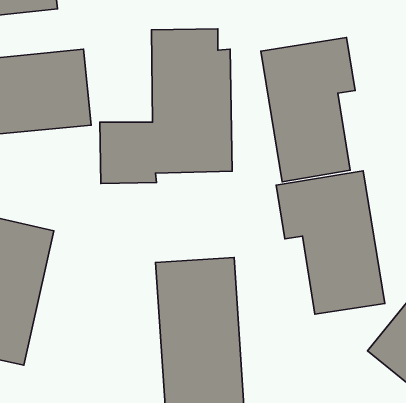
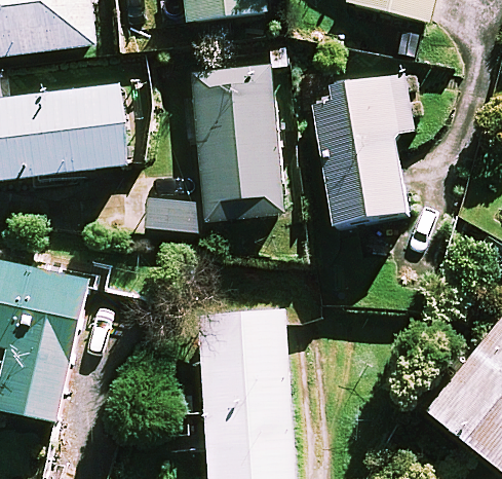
building: [276,171,385,314] -> none

